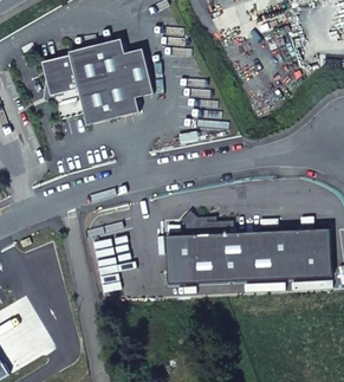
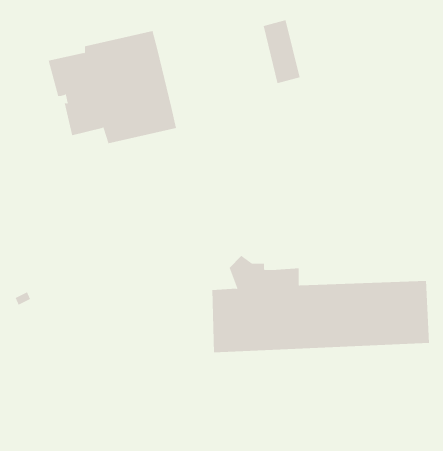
building: [125,50,154,98] -> [263,19,300,84]

